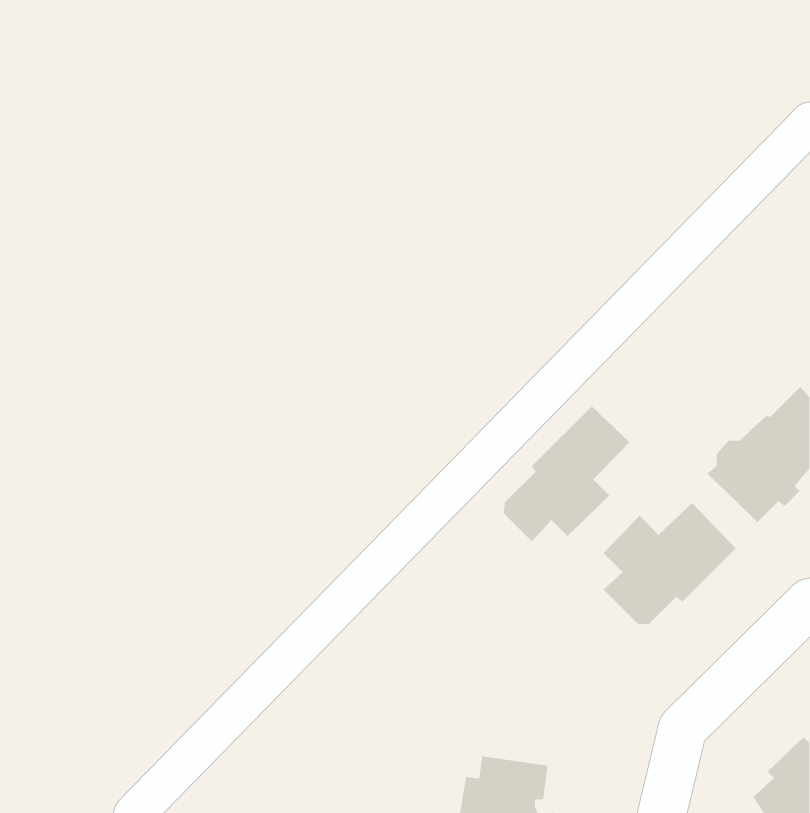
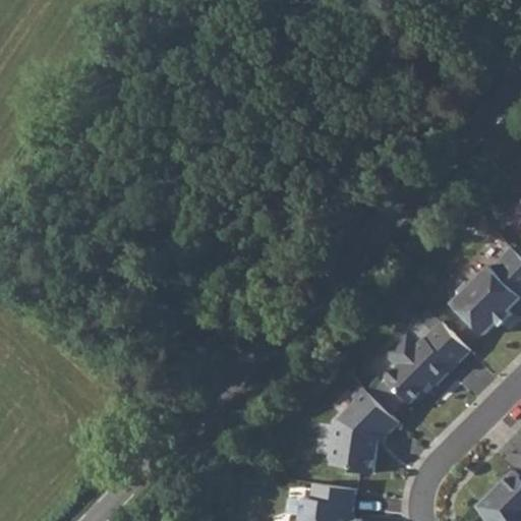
building: [503,406,630,542] -> none
building: none -> [328,387,399,473]

